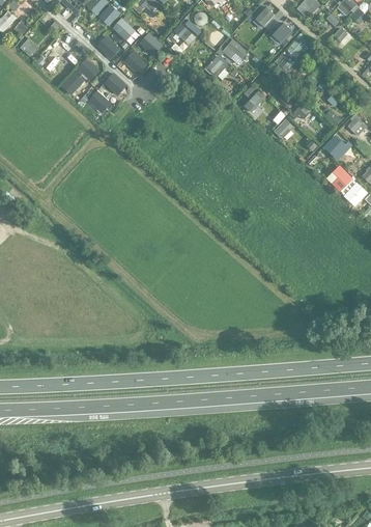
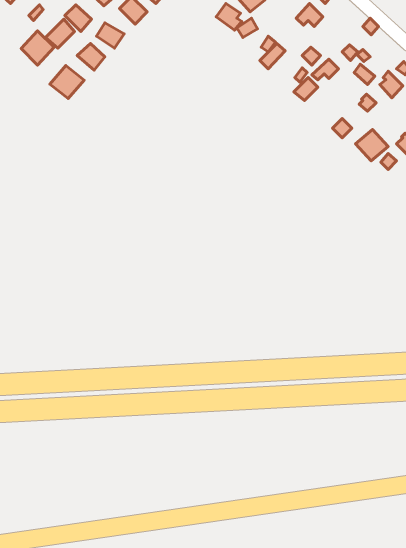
building: none -> [21,31,54,65]
building: none -> [50,65,84,99]

